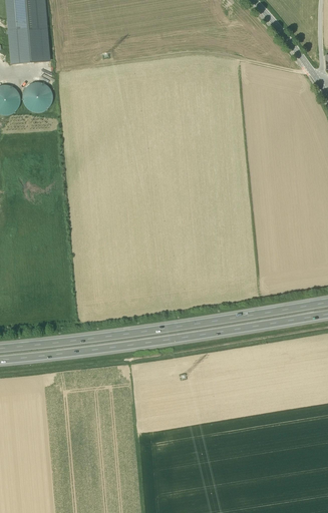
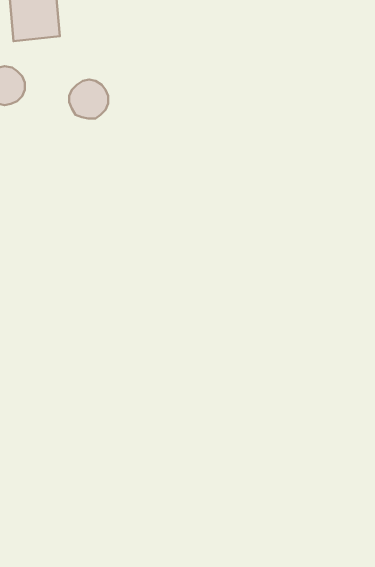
building: [22,81,53,112] -> [69,80,108,119]

